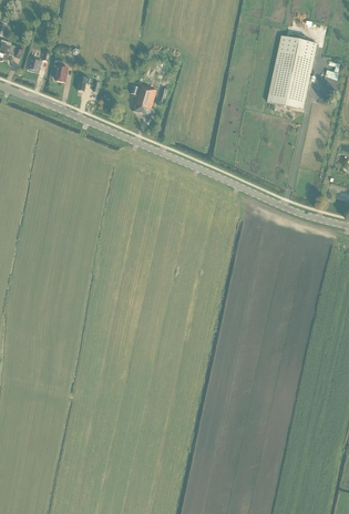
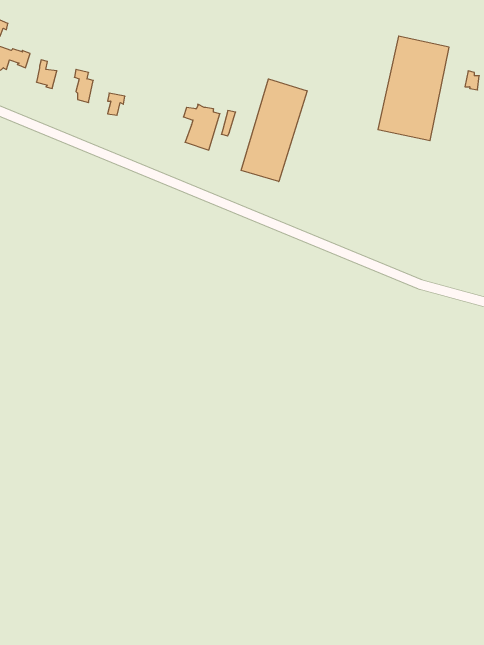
building: none -> [241,79,307,182]

